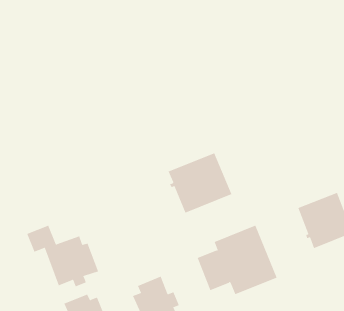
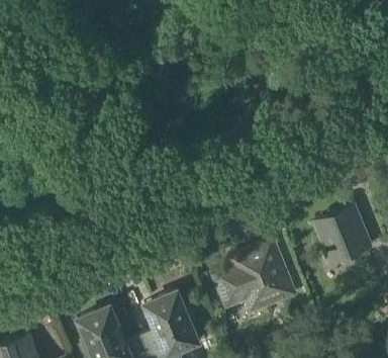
building: [168,152,232,214] -> none
building: [27,225,99,288] -> none

